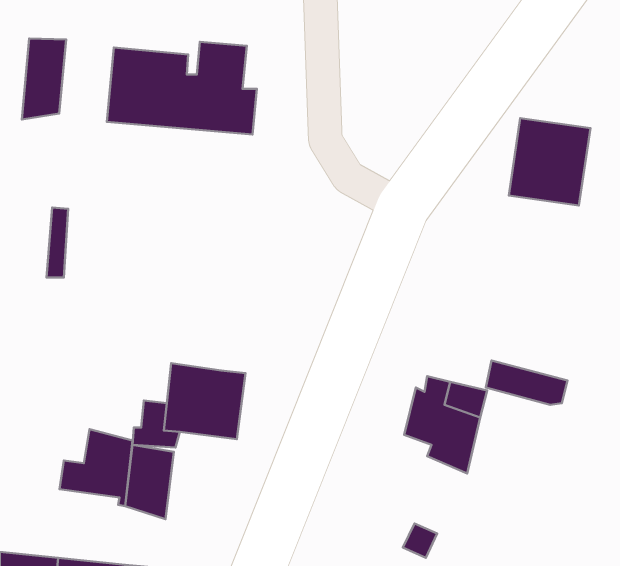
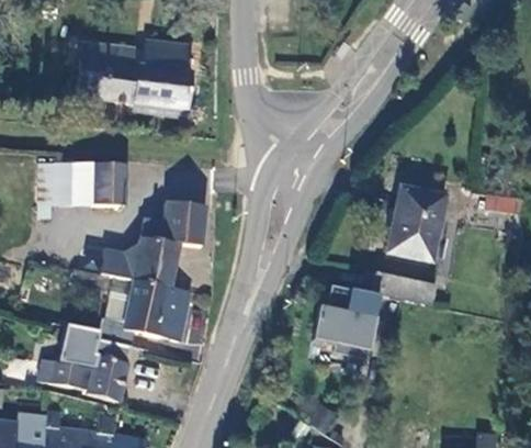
building: [22,39,66,120] -> none
building: [509,118,590,206] -> [380,188,442,255]
building: none -> [55,158,129,208]
building: none -> [92,201,207,285]

